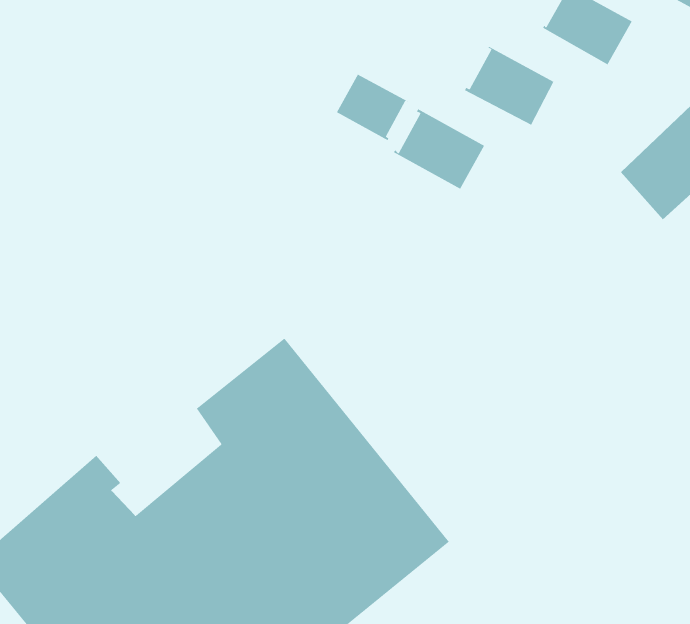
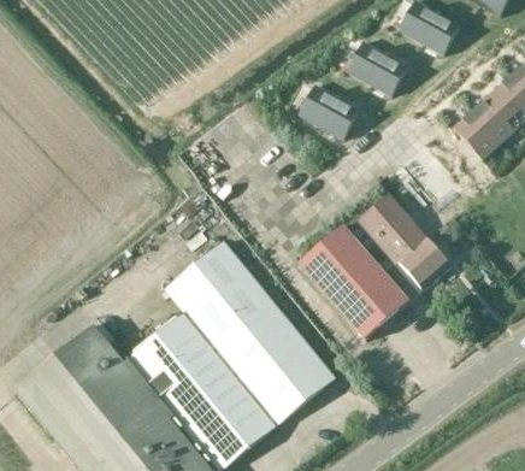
building: [336,73,409,141] -> none
building: none -> [297,193,452,341]

